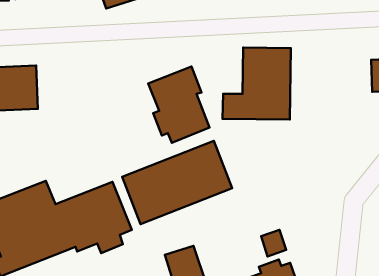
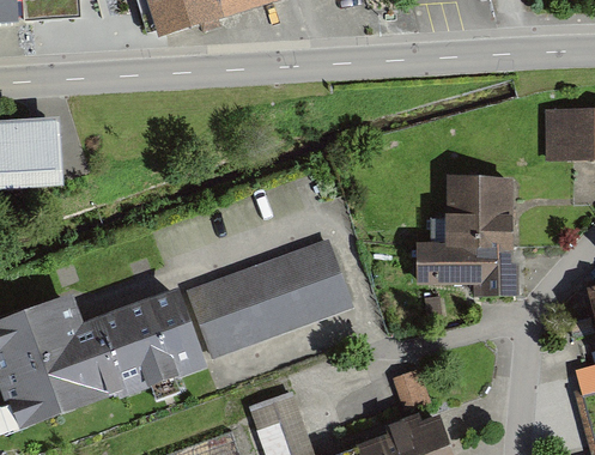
building: [222,47,291,120] -> [415,176,517,284]
building: [148,66,210,143] -> none

